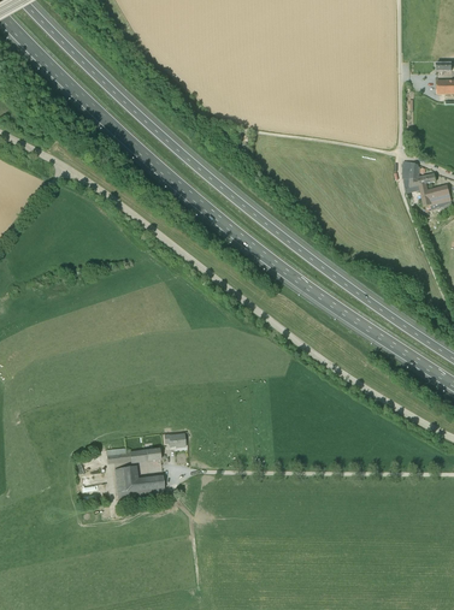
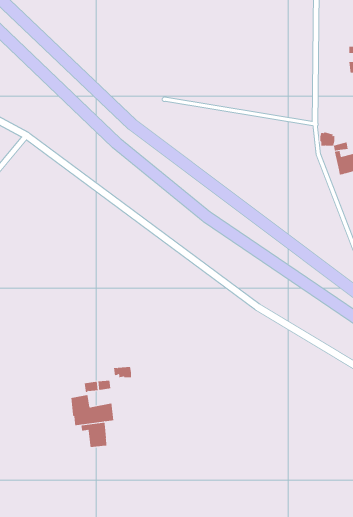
building: none -> [81,422,107,448]

